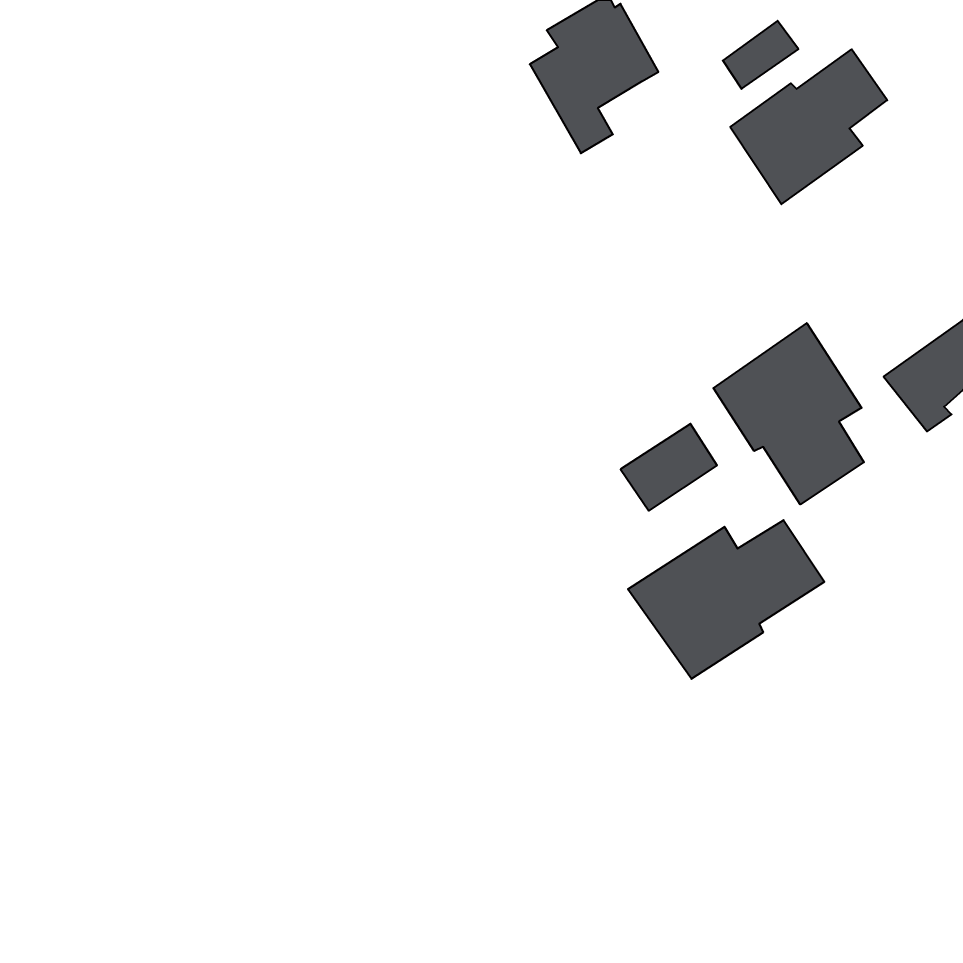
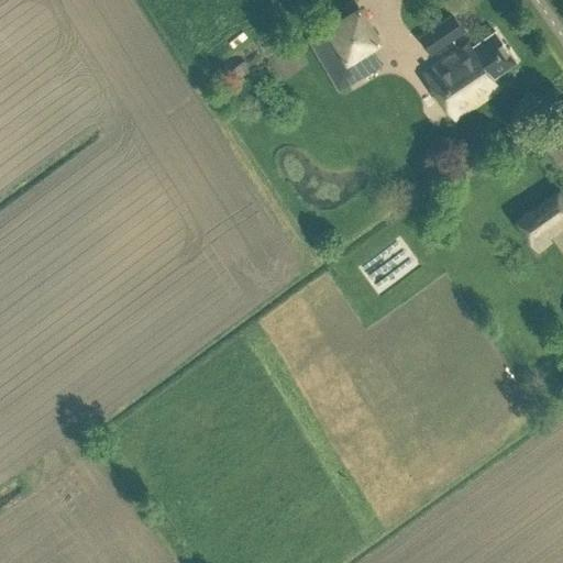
building: [713,323,864,504] -> none
building: [628,520,824,679] -> none

